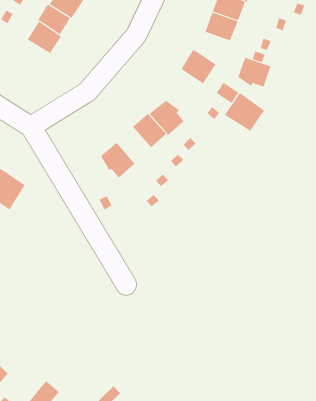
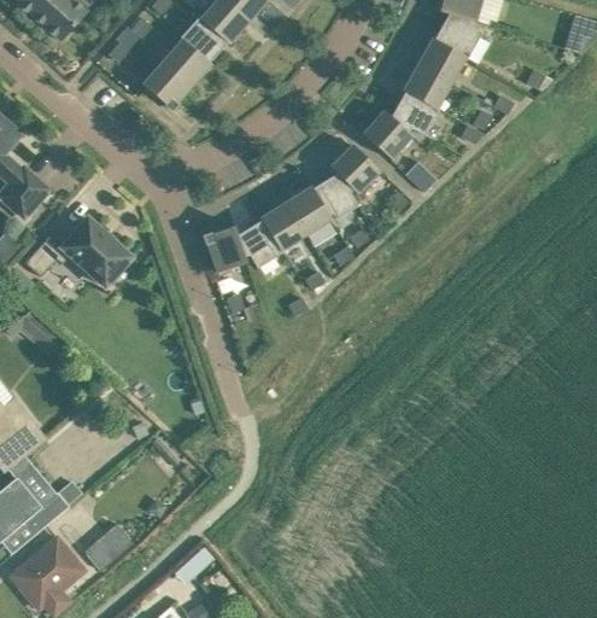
building: none -> [144,62,192,110]
building: [237,57,271,87] -> [391,91,439,135]
building: none -> [330,144,379,193]
building: [224,92,265,132] -> none
building: none -> [259,202,306,250]
building: none -> [204,226,246,273]

